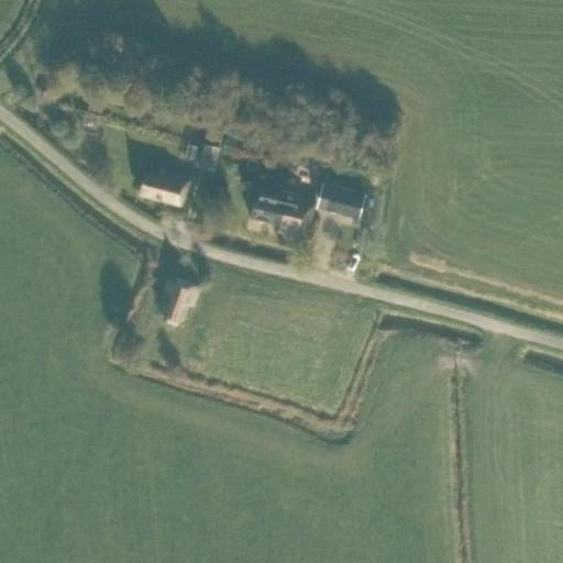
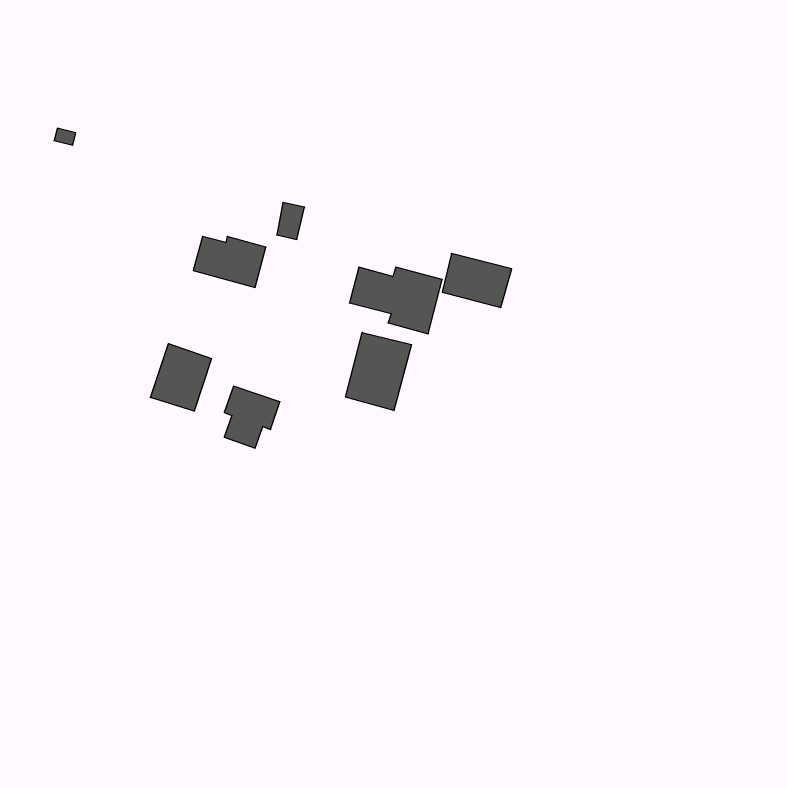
building: none -> [345,332,412,411]
building: none -> [150,344,211,411]

